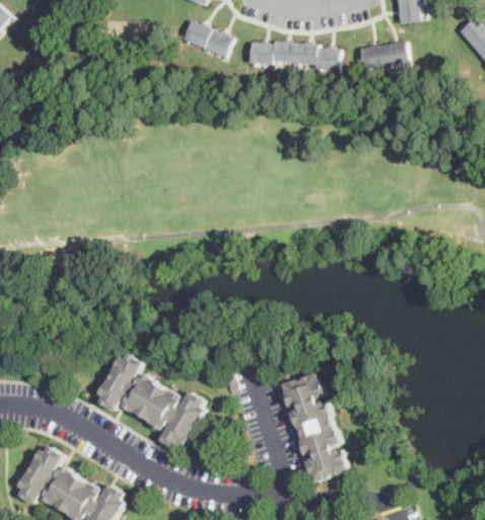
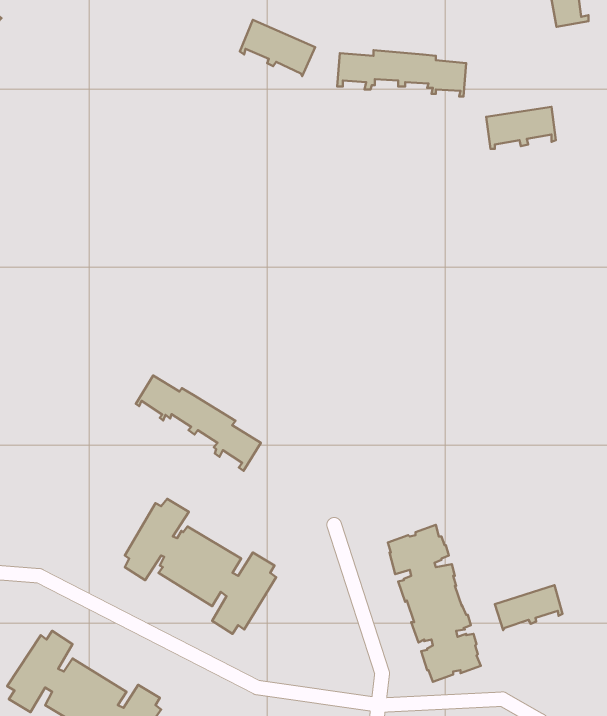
building: [357,42,406,71] -> [486,107,556,149]
building: none -> [136,376,261,471]
building: none -> [495,585,563,630]

